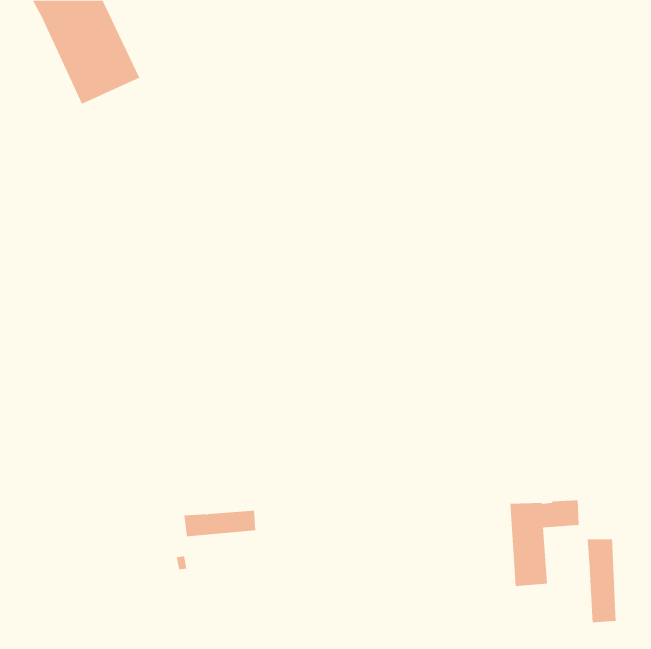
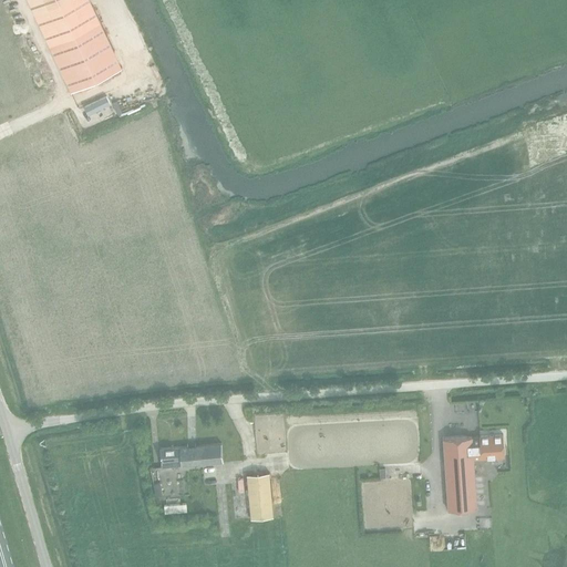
building: [587,538,616,623] -> none
building: none -> [247,474,274,520]

